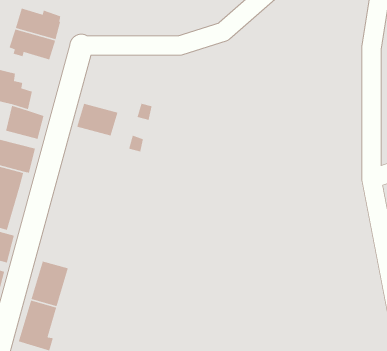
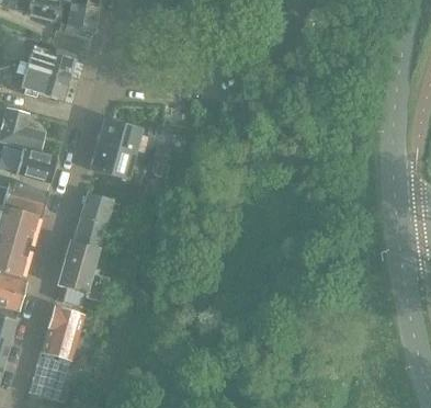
building: none -> [95,117,138,152]
building: none -> [58,191,118,305]

